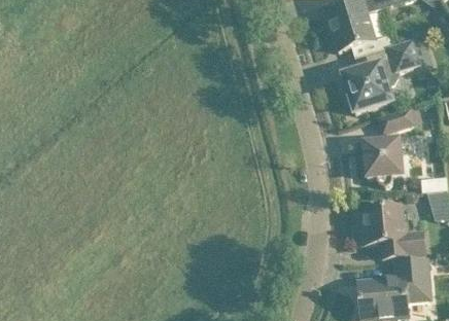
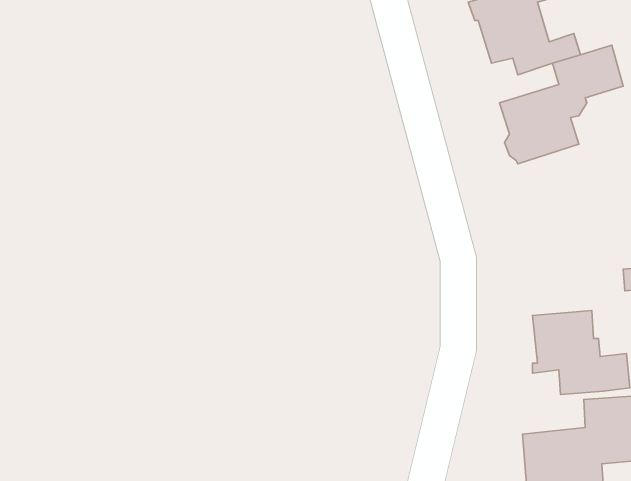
building: [364,106,415,185] -> none

